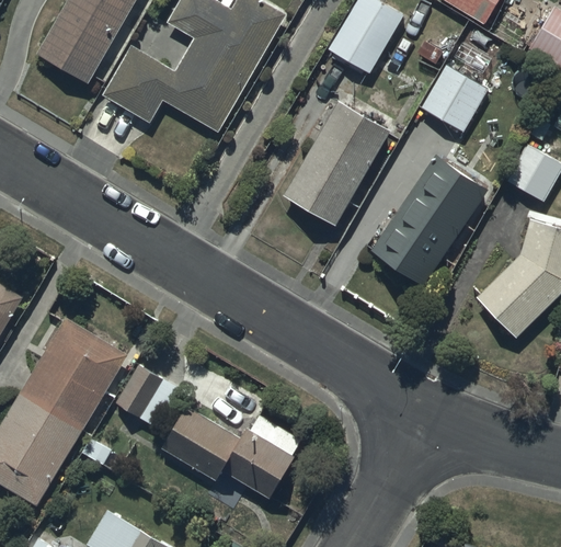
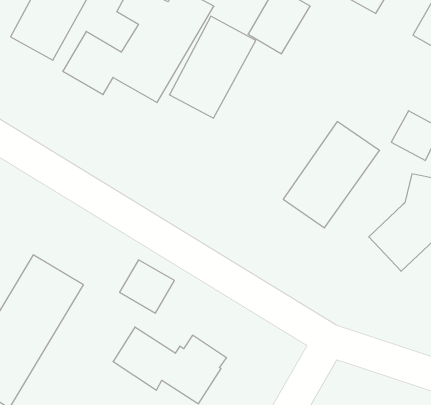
building: [420,43,486,133] -> none
building: [284,100,389,224] -> [169,16,256,118]
building: [115,364,182,429] -> [120,260,174,313]

